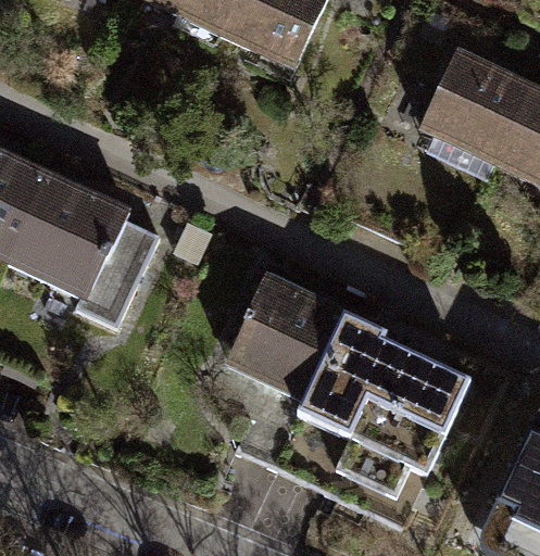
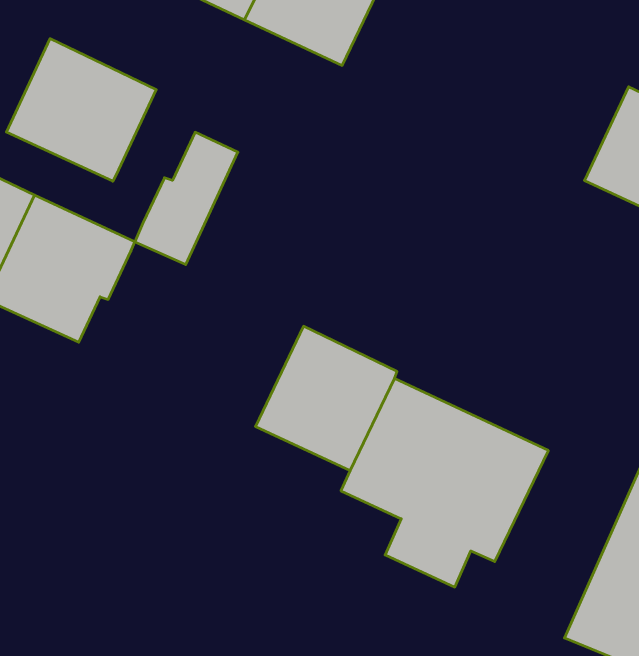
building: none -> [6,39,156,181]
building: [419,50,530,162] -> none
building: [77,219,161,327] -> [135,132,238,265]

